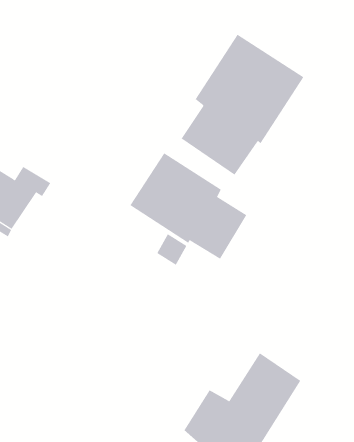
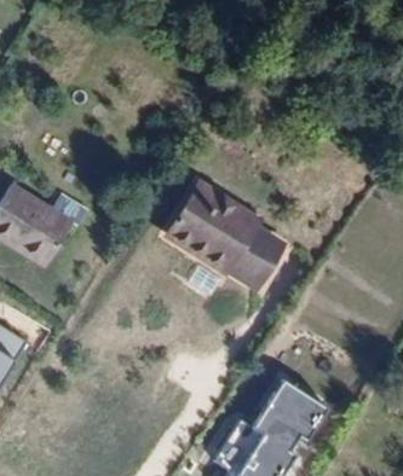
building: [181,34,304,176] -> none

